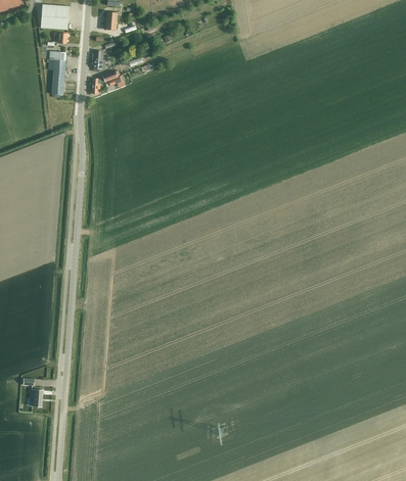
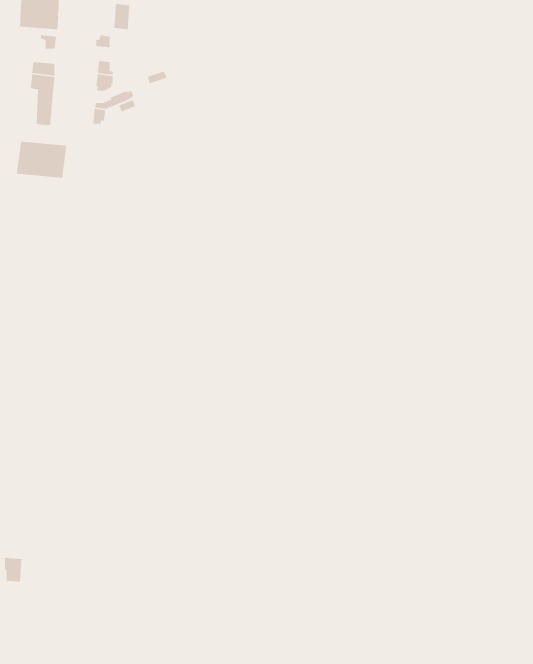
building: none -> [16,141,67,178]

